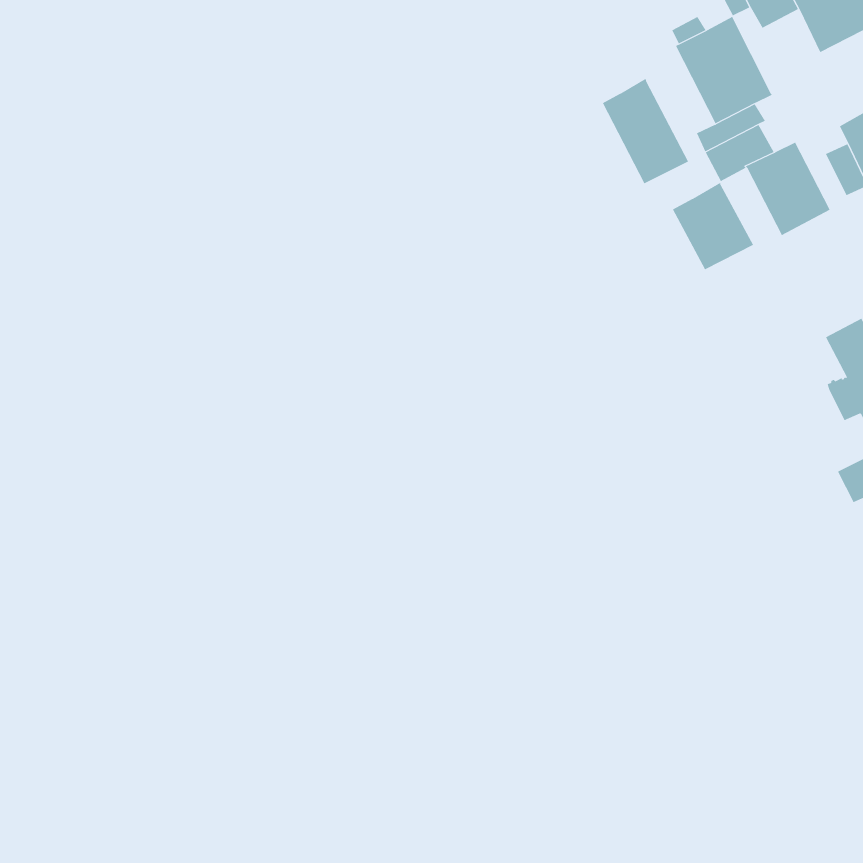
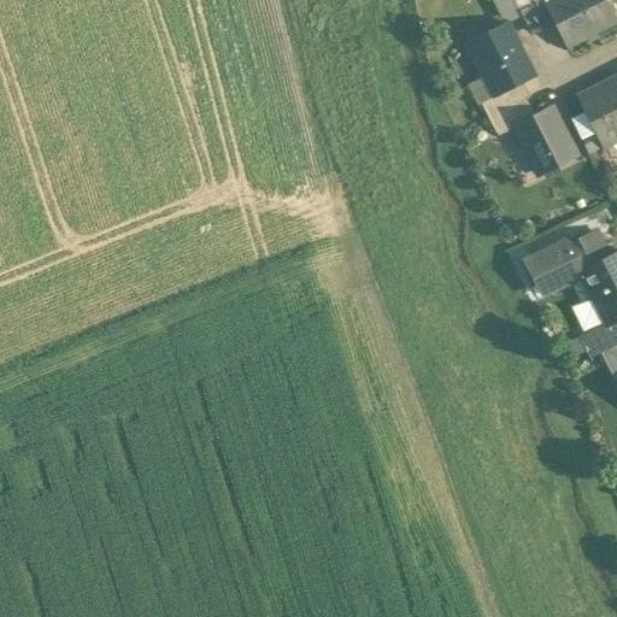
building: [602,78,689,184] -> none
building: [672,182,754,270] -> none
building: none -> [529,236,587,292]

